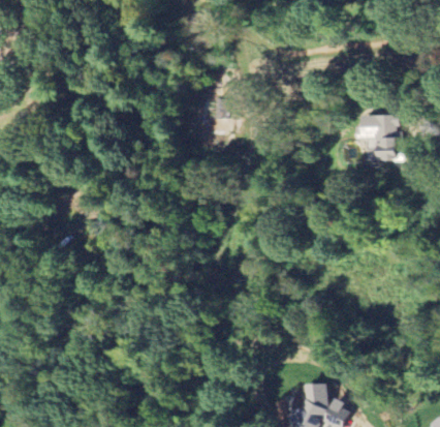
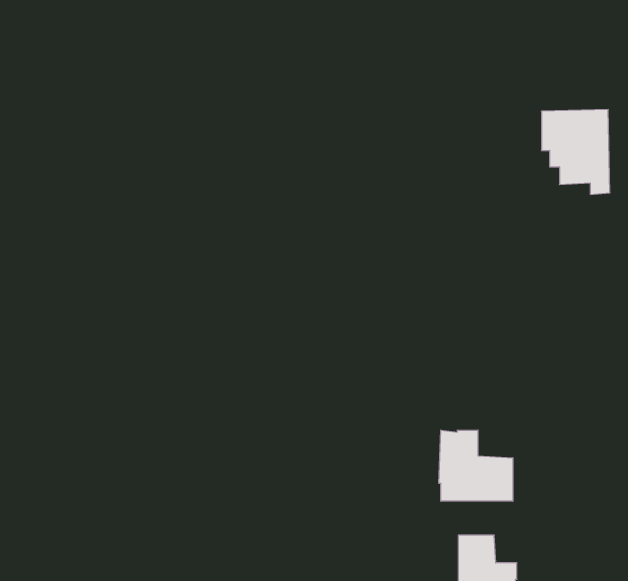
building: none -> [439,430,513,501]

